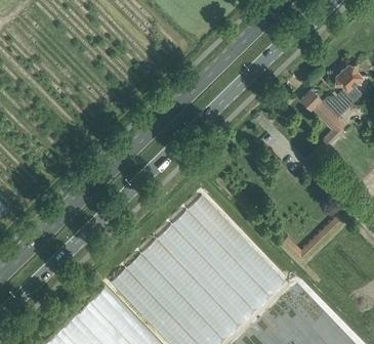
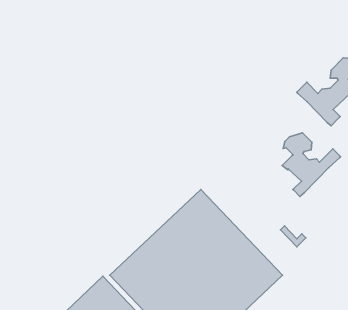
building: none -> [282,133,341,196]

